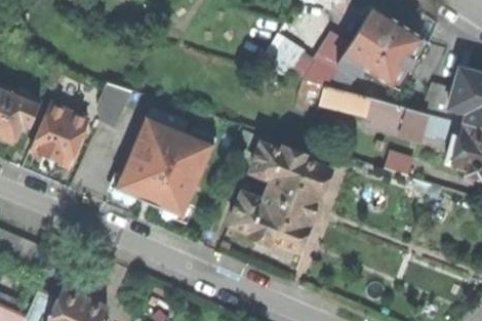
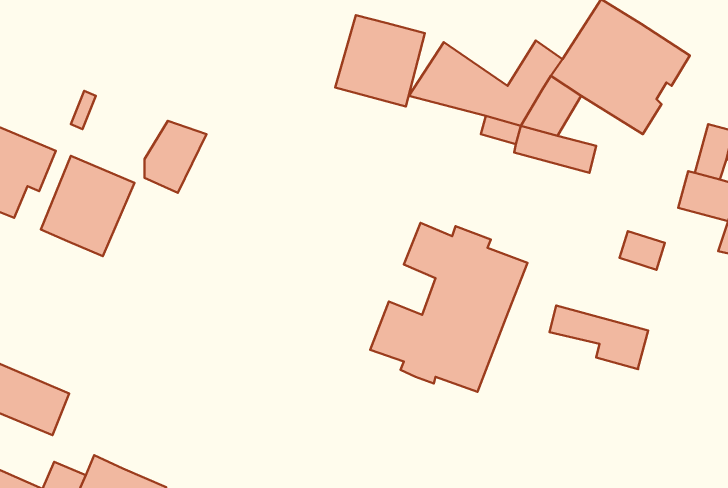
building: none -> [335,15,425,107]
building: [366,98,427,137] -> [549,306,648,369]
building: [115,116,215,215] -> none

